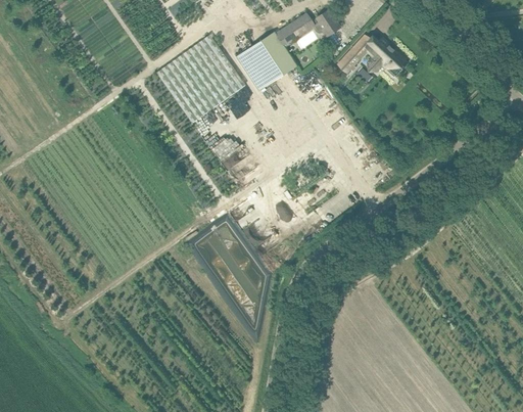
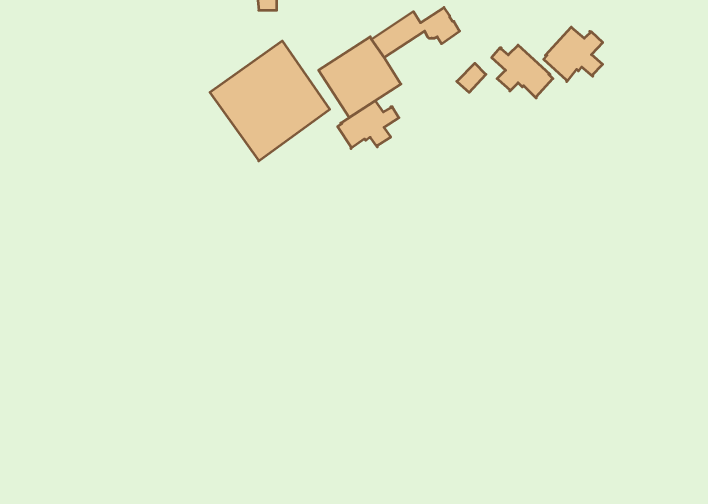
building: none -> [544,27,603,82]
building: none -> [338,101,399,149]

